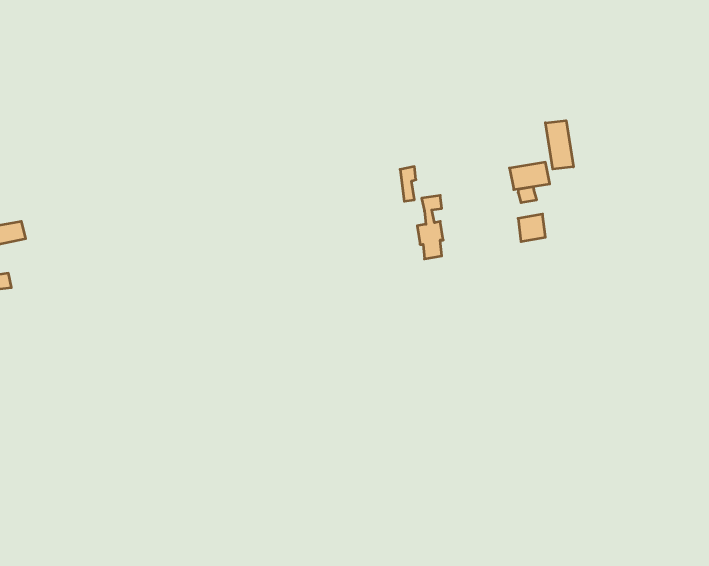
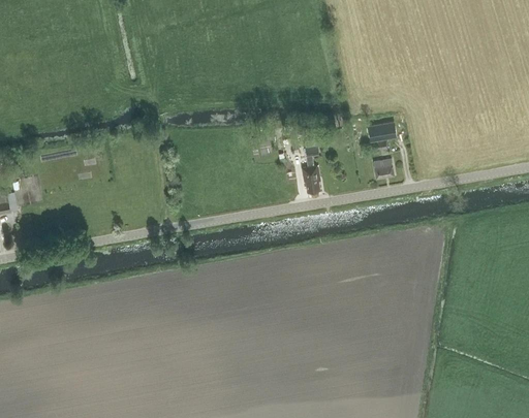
building: [545,121,573,169] -> none

